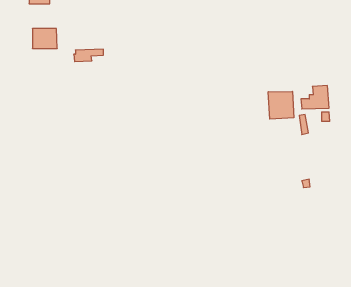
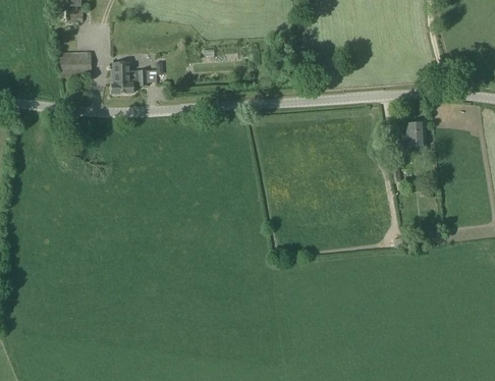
building: none -> [112,62,148,78]
building: [268,91,294,119] -> none

